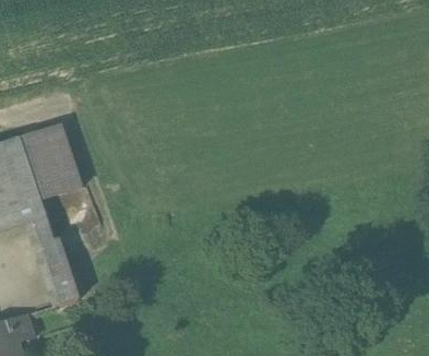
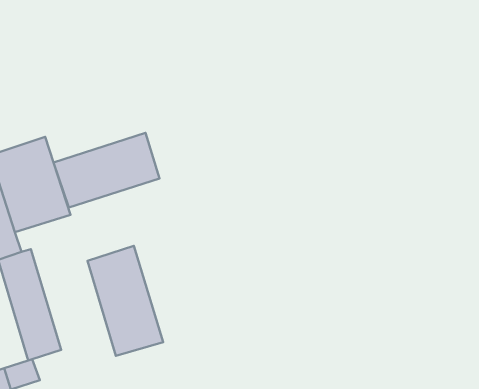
building: none -> [54,133,159,207]
building: none -> [87,246,163,356]

